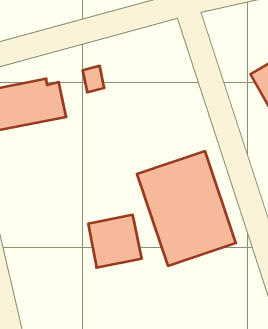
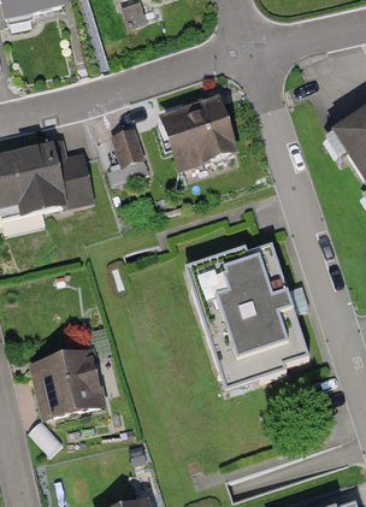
building: none -> [163,96,242,173]
building: [88,215,142,268] -> [30,348,101,418]

